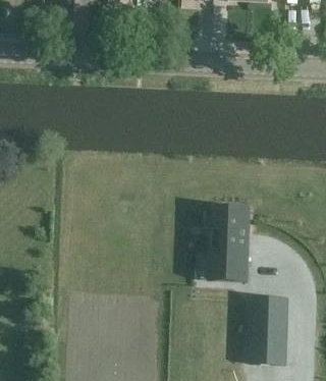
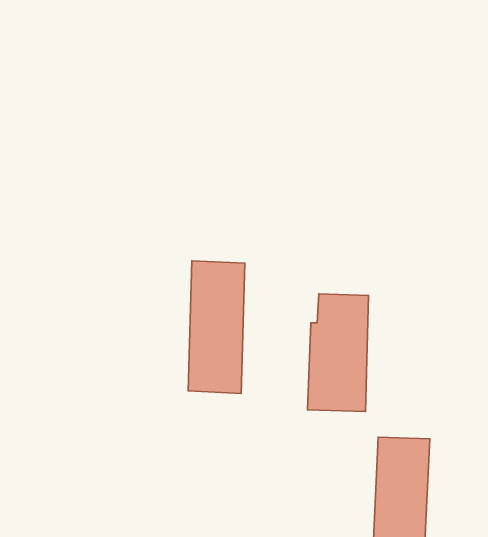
building: none -> [188,261,245,393]

